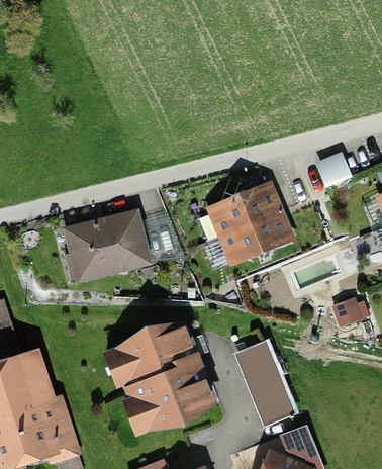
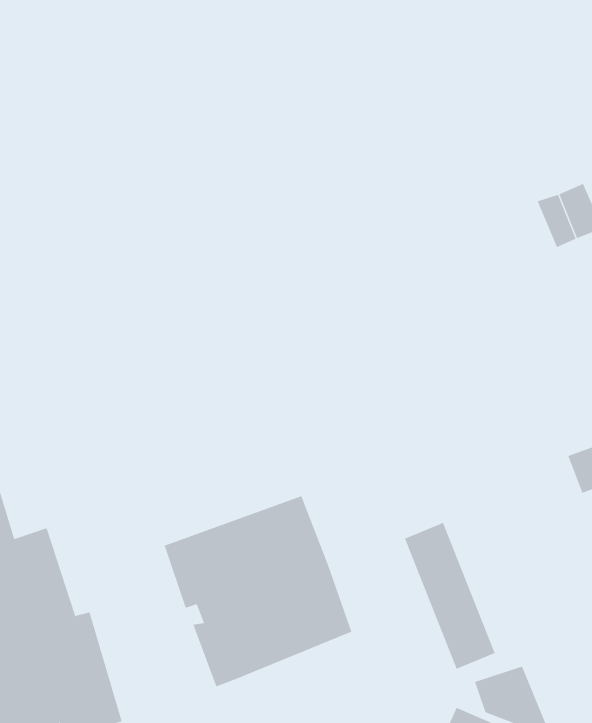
building: [197,185,292,263] -> none
building: [63,207,153,284] -> none

